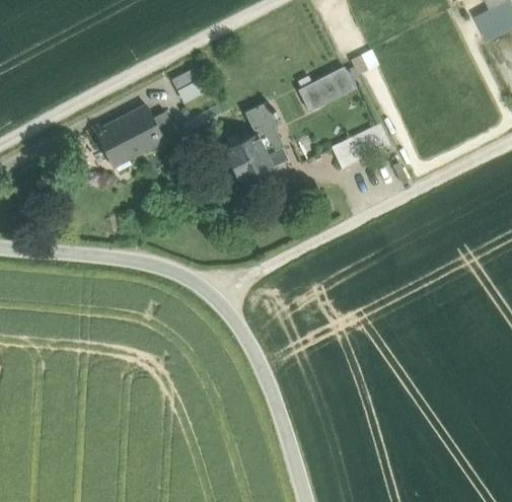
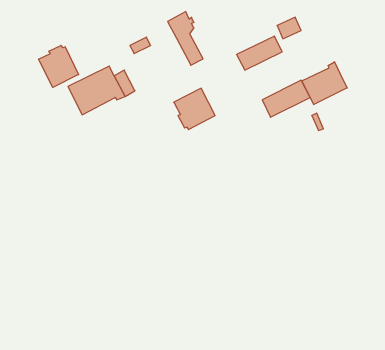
building: none -> [39,45,79,87]
building: none -> [302,62,347,105]
building: [245,100,289,166] -> [168,12,203,65]

